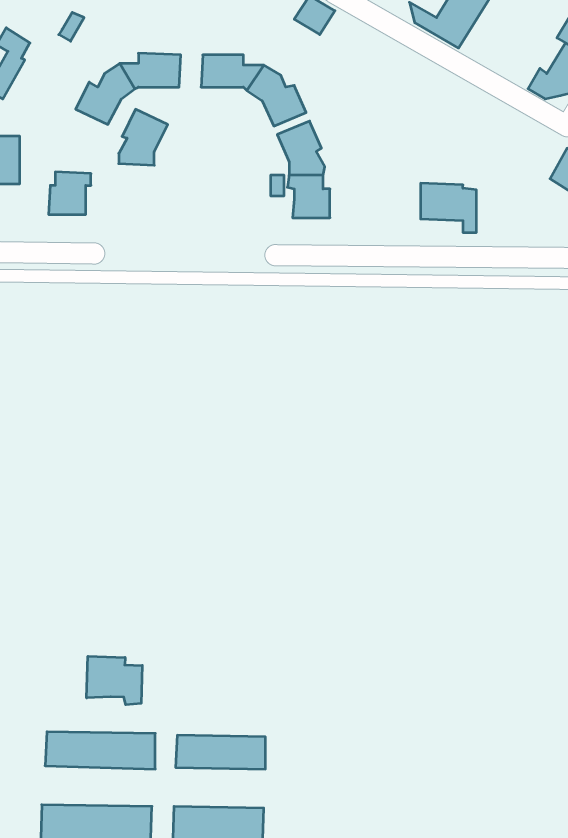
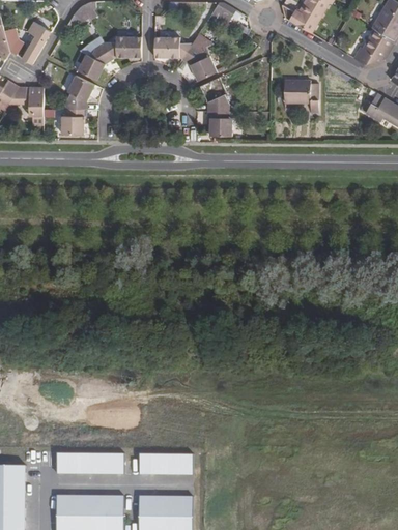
building: [119,109,168,165] -> [64,76,94,110]
building: [421,183,476,232] -> [284,80,318,110]
building: [87,656,142,705] -> none

